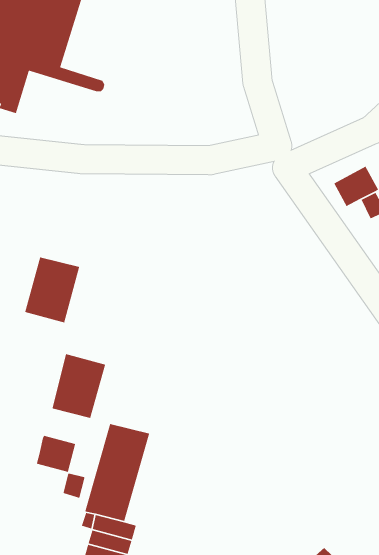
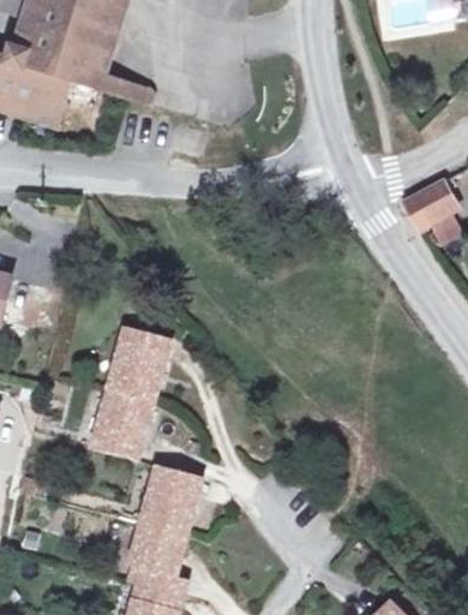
building: [24,257,80,323] -> [108,327,169,400]
building: [36,435,76,473] -> none

